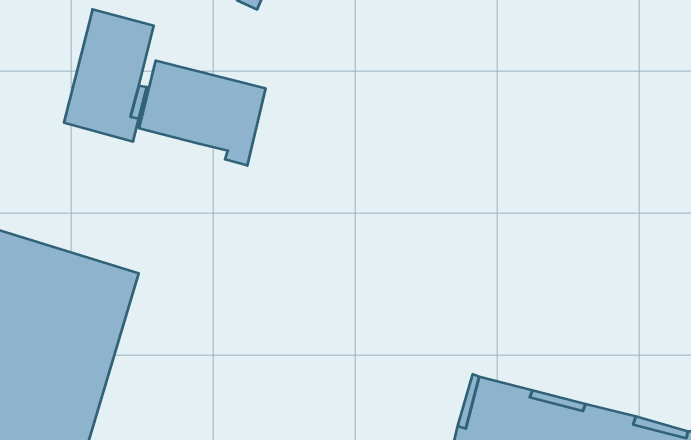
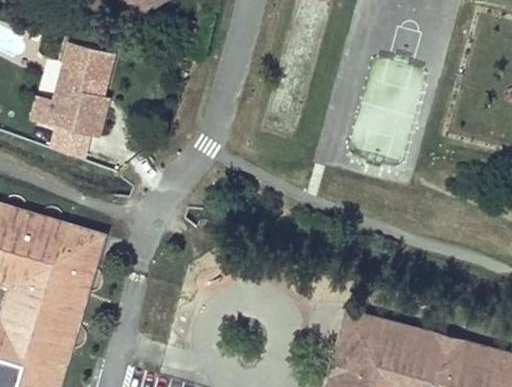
building: [139,61,265,166] -> none

